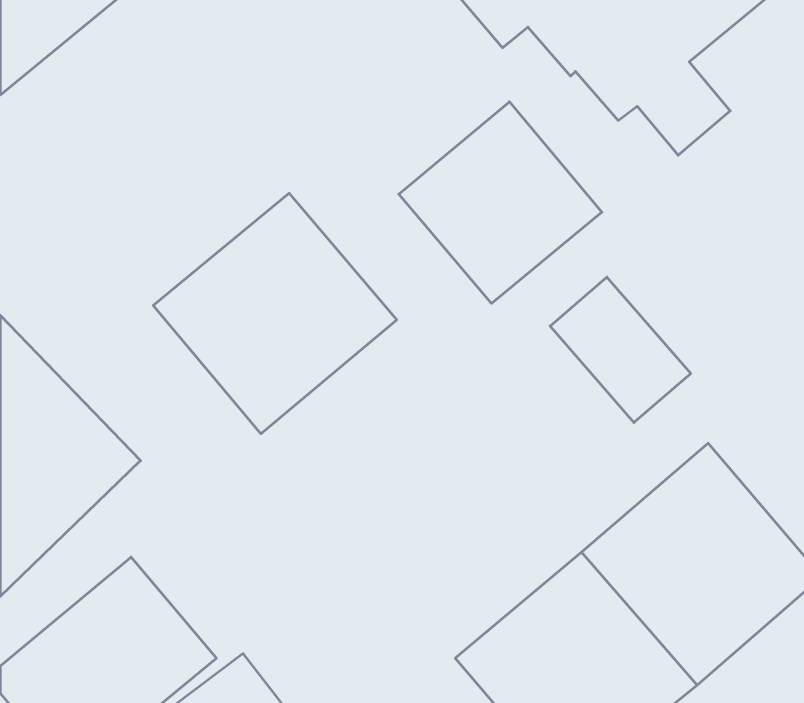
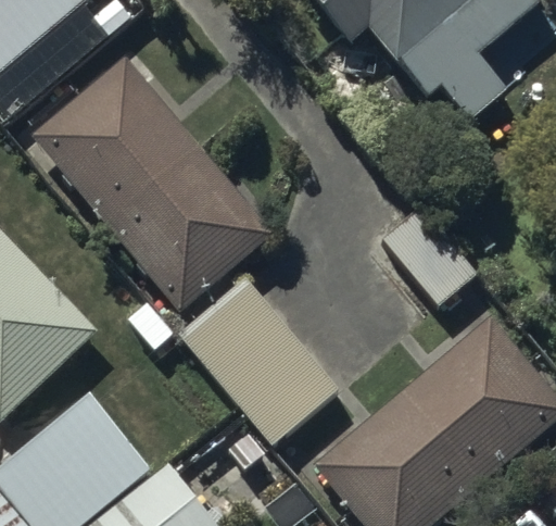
building: none -> [31,58,200,224]
building: [399,102,602,303] -> none
building: none -> [179,278,339,444]

